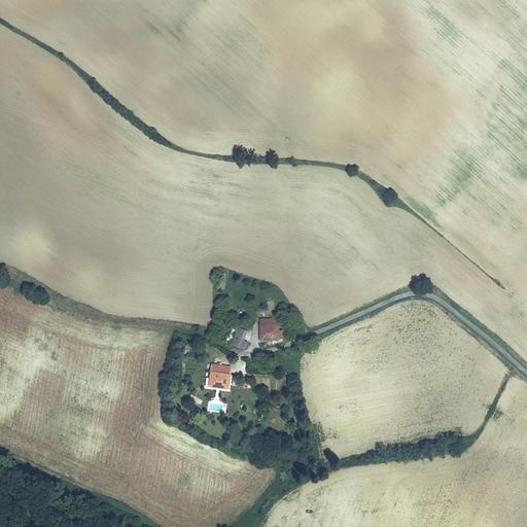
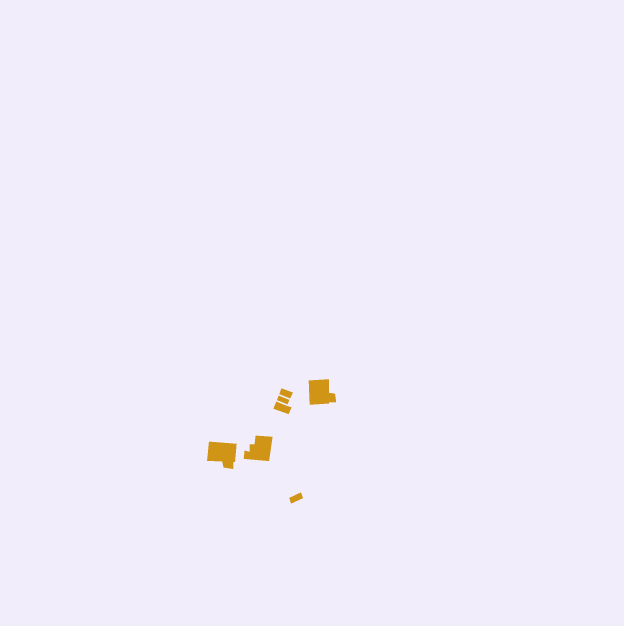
building: none -> [206,441,238,470]

